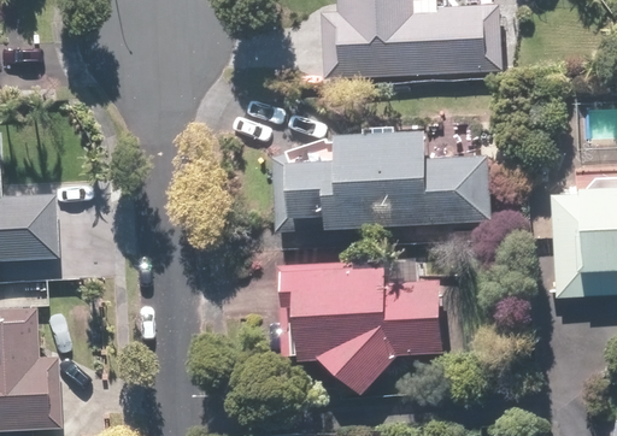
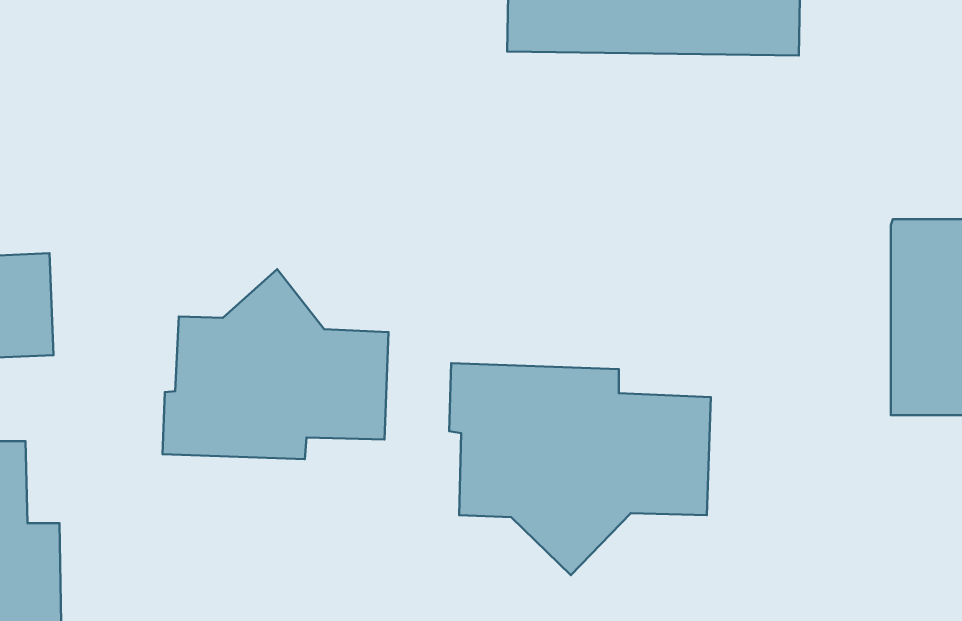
building: [275,134,488,224] -> none
building: none -> [162,269,388,459]

